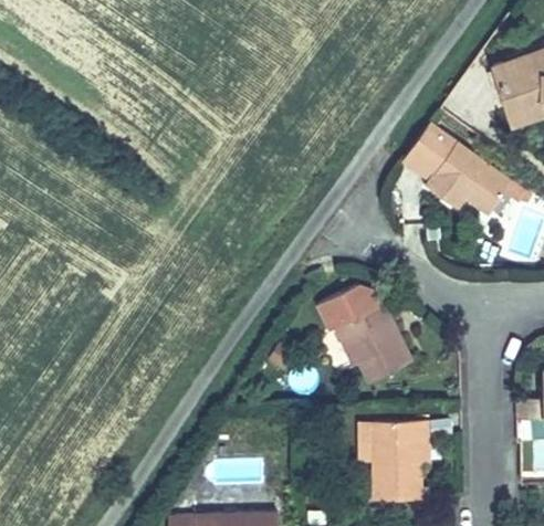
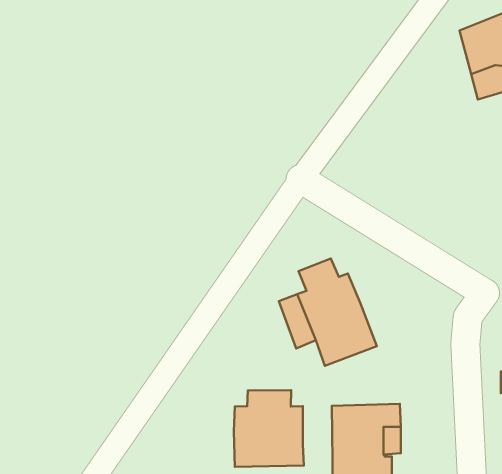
building: [399,118,517,217] -> none
building: none -> [234,390,304,467]

